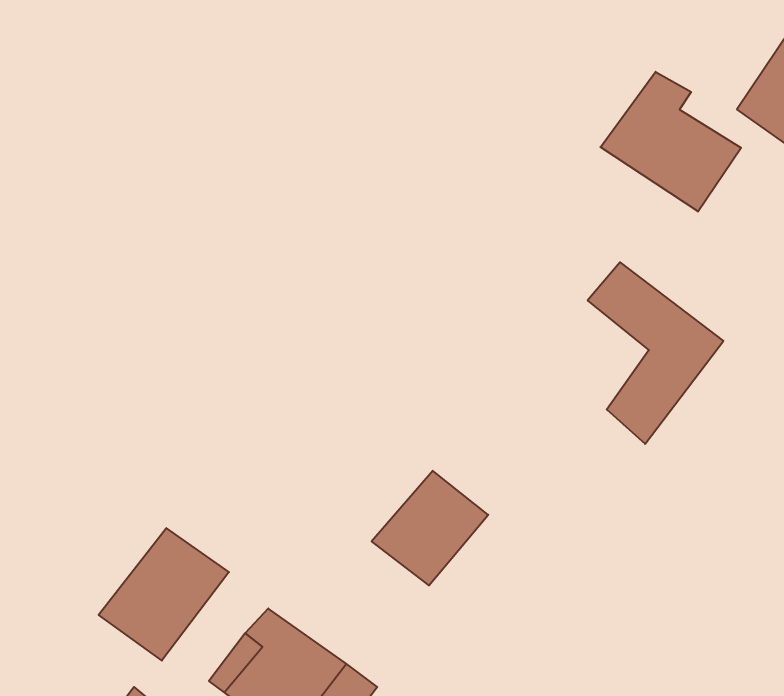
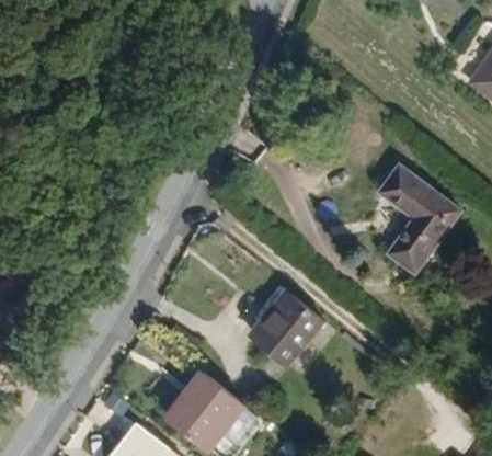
building: [600,72,741,212] -> none
building: [99,528,229,661] -> none

